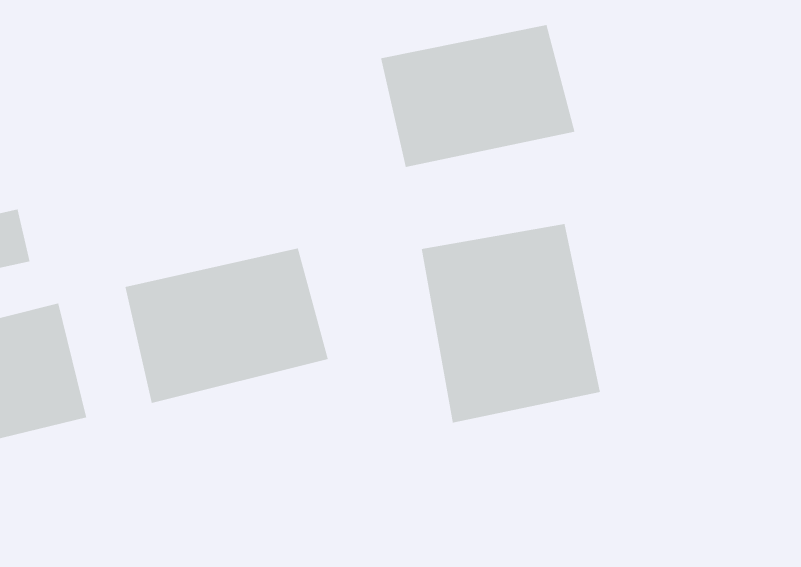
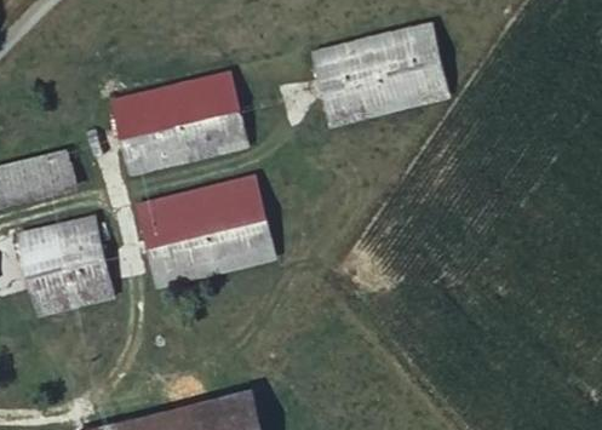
building: none -> [110,73,248,172]
building: [421,223,601,423] -> none

